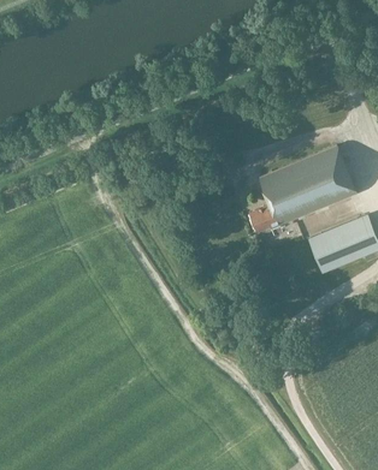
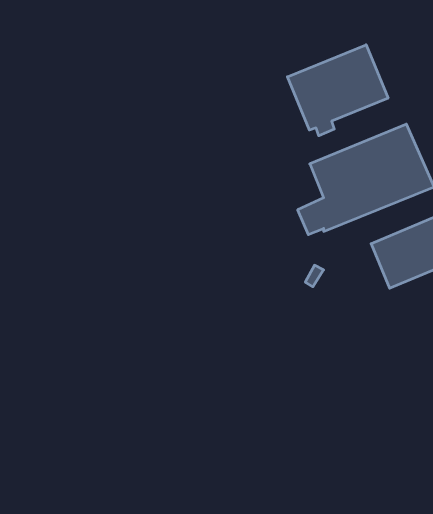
building: none -> [287,45,388,136]

